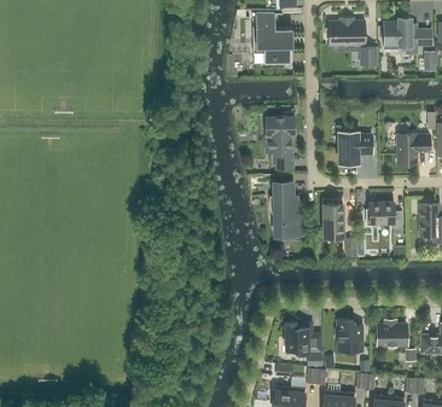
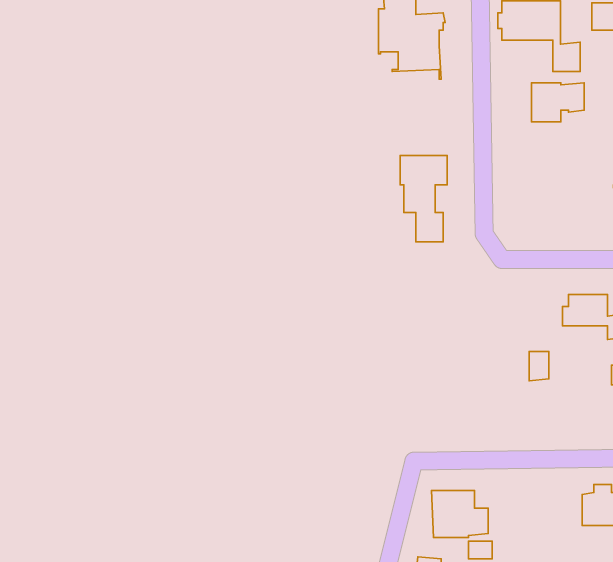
building: [339,135,372,159] -> [531,83,584,122]
building: [269,182,304,236] -> none
building: [322,203,343,233] -> none
building: [336,321,362,348] -> none

